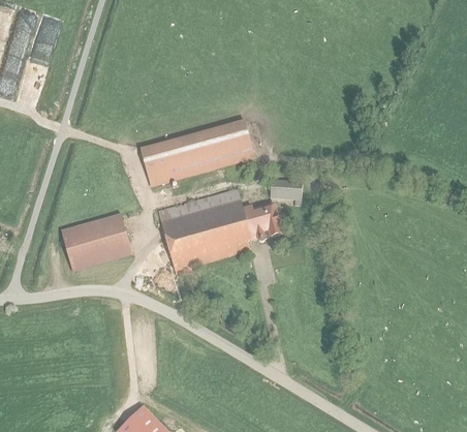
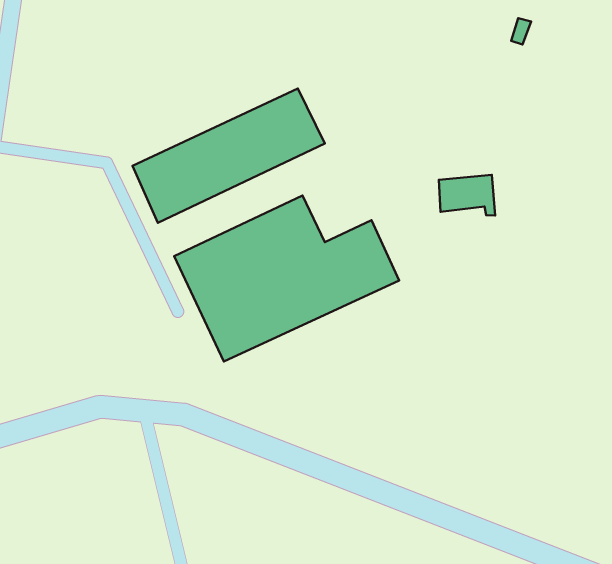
building: [269,179,302,205] -> [439,175,495,216]
building: [63,213,134,270] -> none

